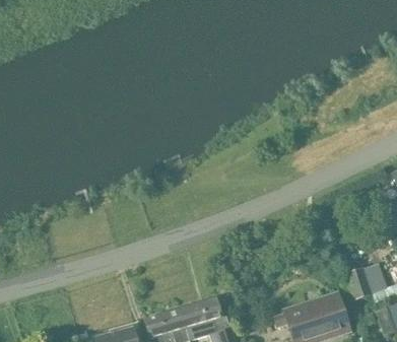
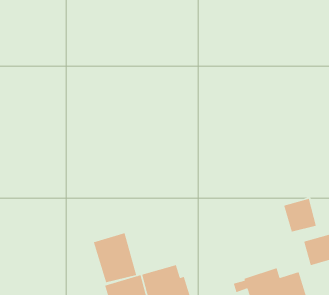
building: none -> [283,198,317,232]
building: none -> [93,232,137,283]

